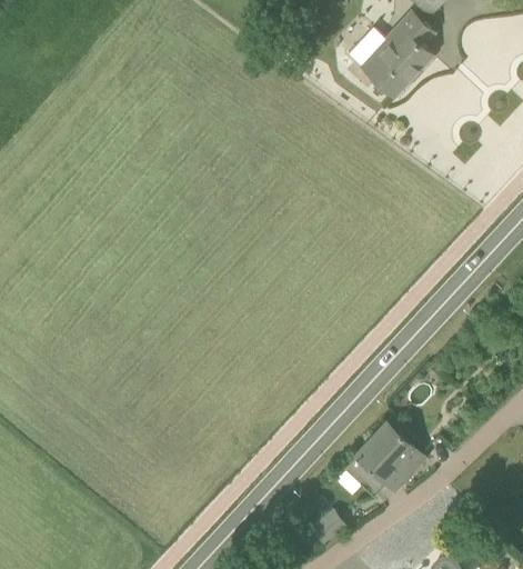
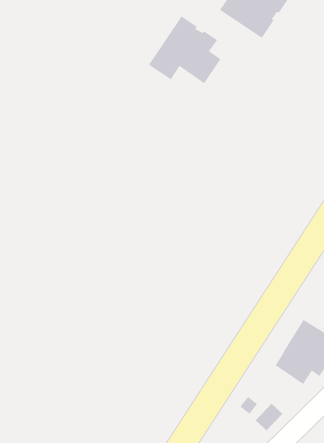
building: none -> [148,16,221,84]

